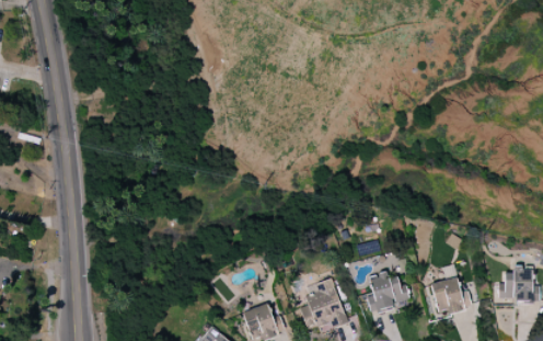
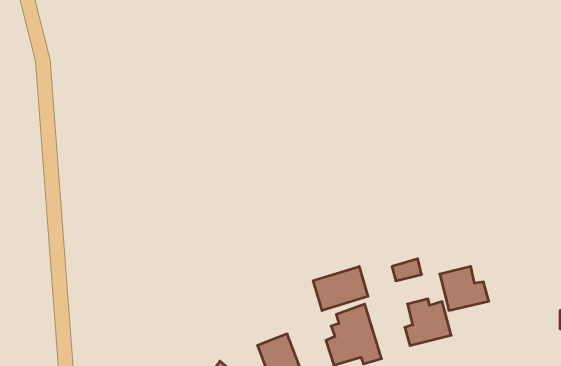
building: none -> [313,266,368,311]
building: [430,277,472,315] -> [440,266,489,310]

